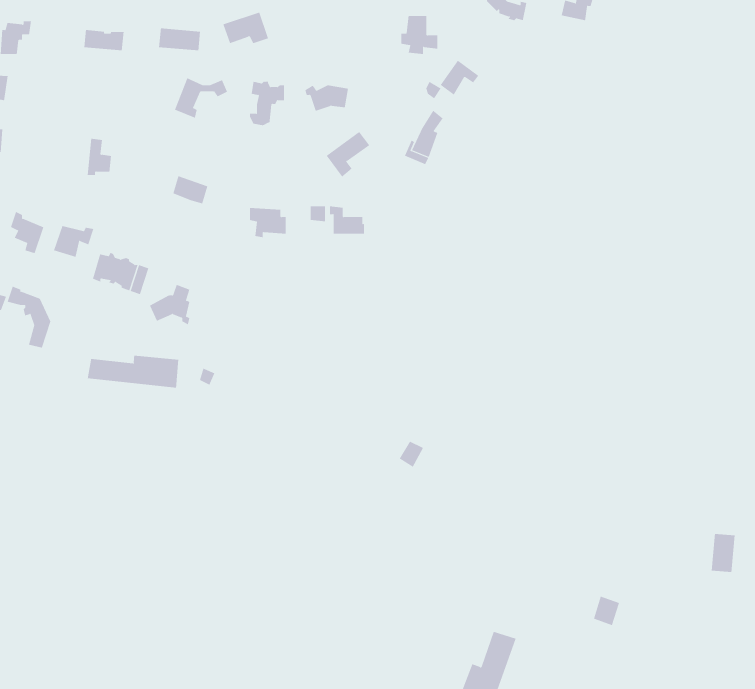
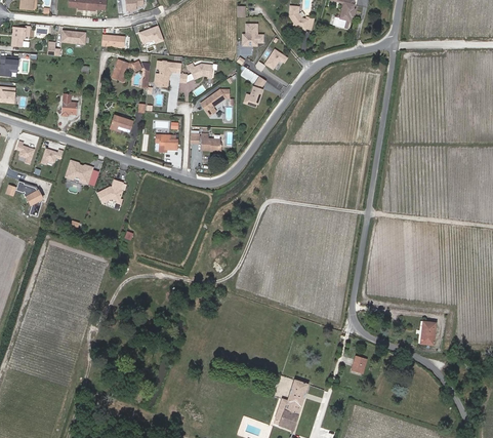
building: [87,355,179,389] -> none

